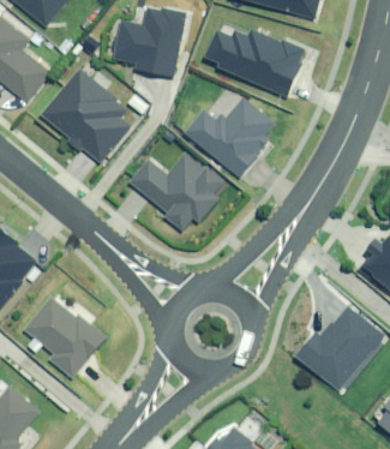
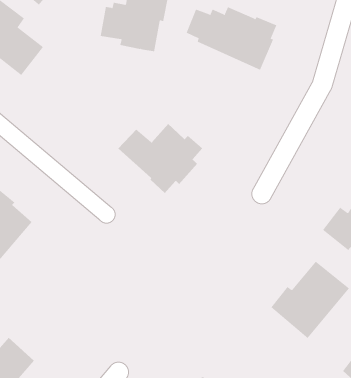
building: [43,67,128,167] -> none
building: [175,96,269,172] -> none
building: [24,297,106,381] -> none

